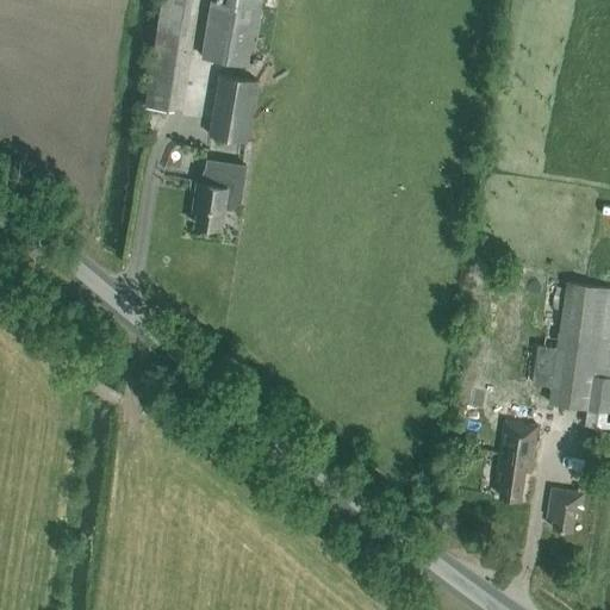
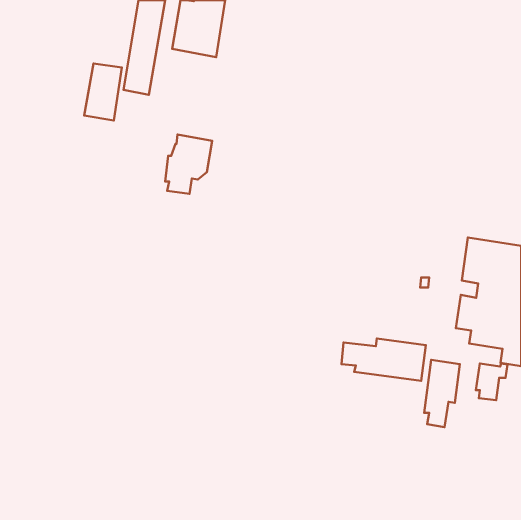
building: [210,75,254,142] -> [84,64,122,121]
building: none -> [341,338,426,381]
building: [548,488,585,531] -> [476,364,507,400]

